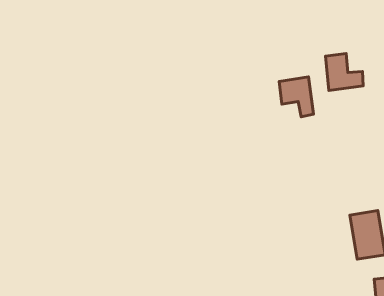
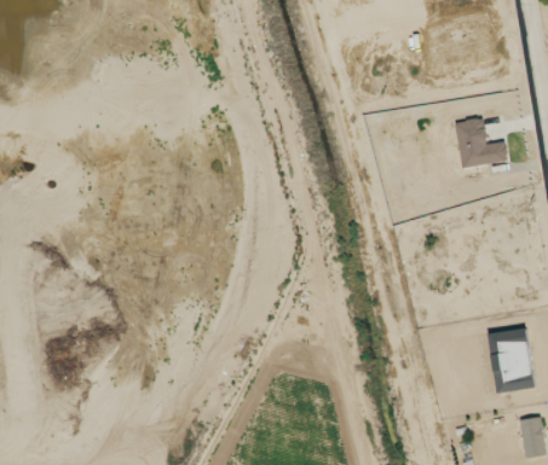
building: [279,77,313,117] -> none

